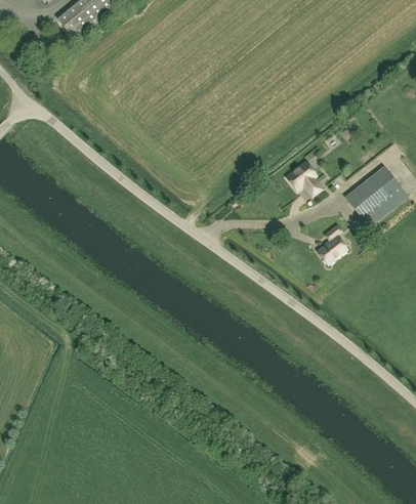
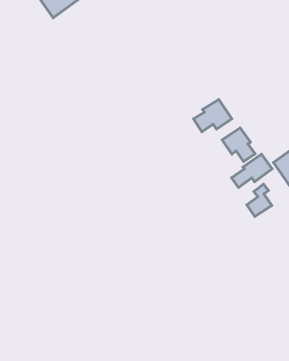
building: none -> [193,100,232,132]
building: none -> [232,154,272,188]

